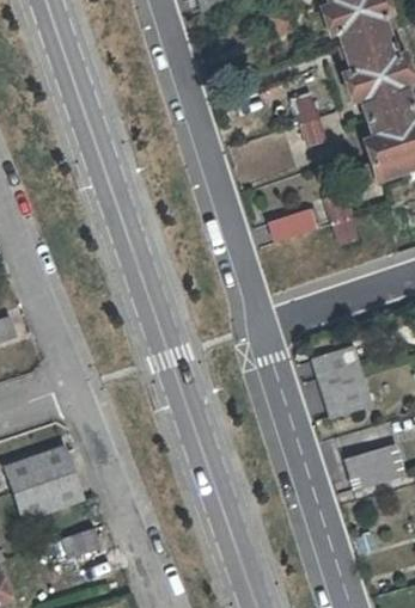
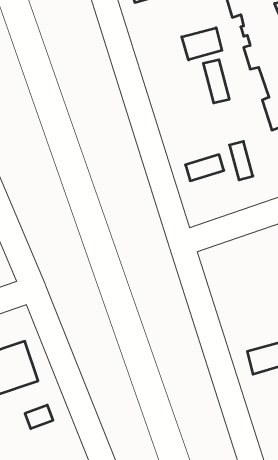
building: none -> [182,28,222,60]
building: [312,343,370,412] -> none

